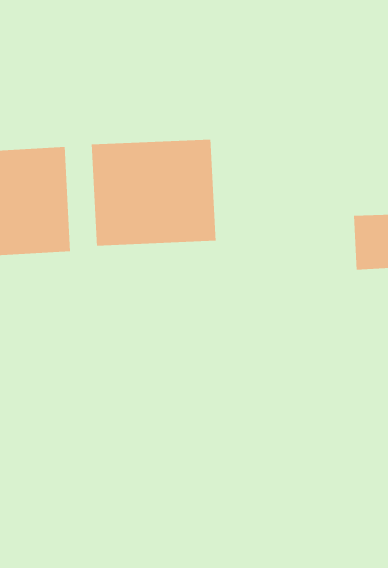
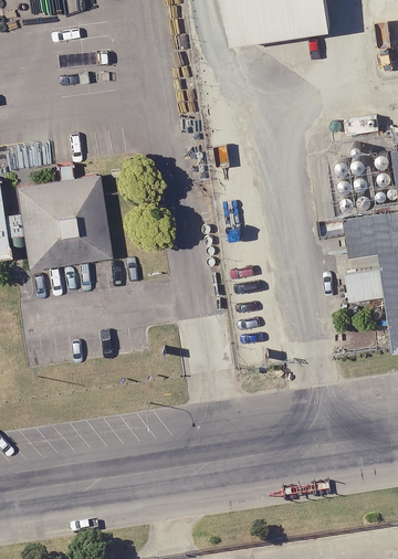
building: [91,139,216,246] -> none

